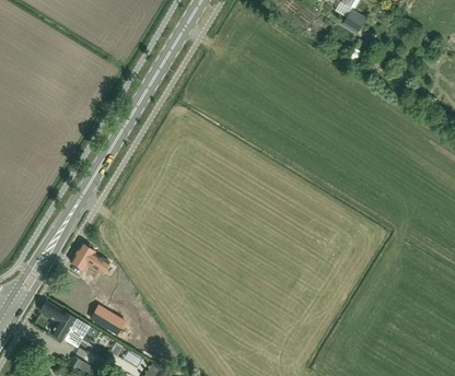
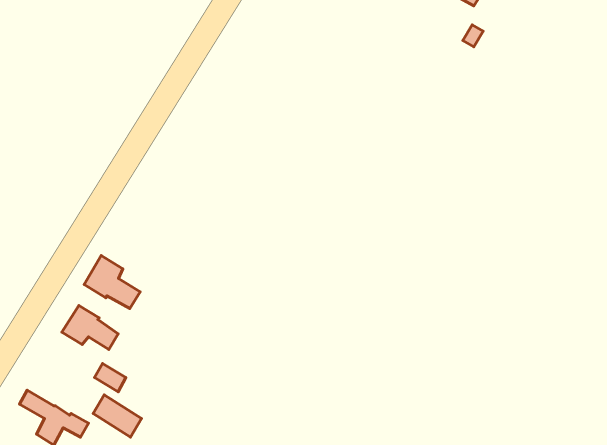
building: none -> [84,255,140,308]

